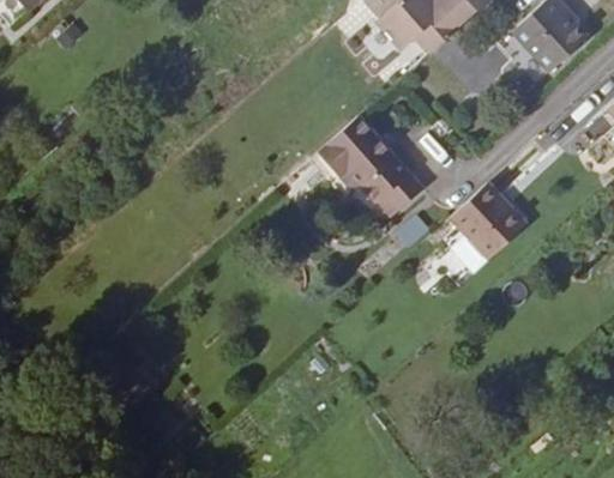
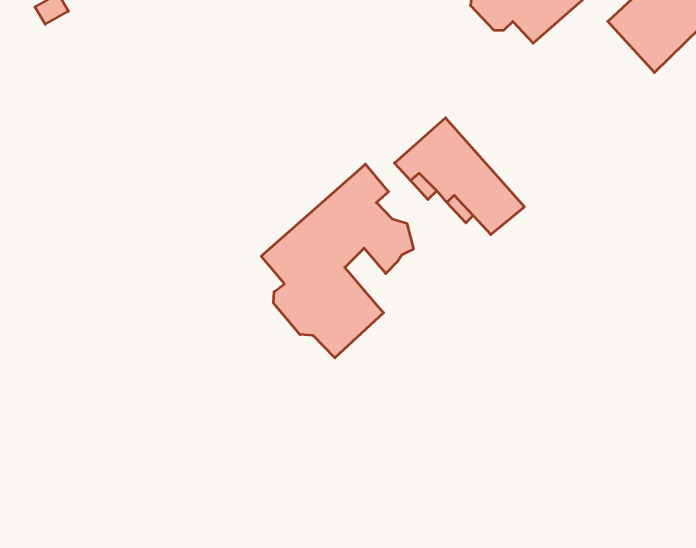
building: none -> [261,164,413,358]
building: [438,190,516,270] -> none

